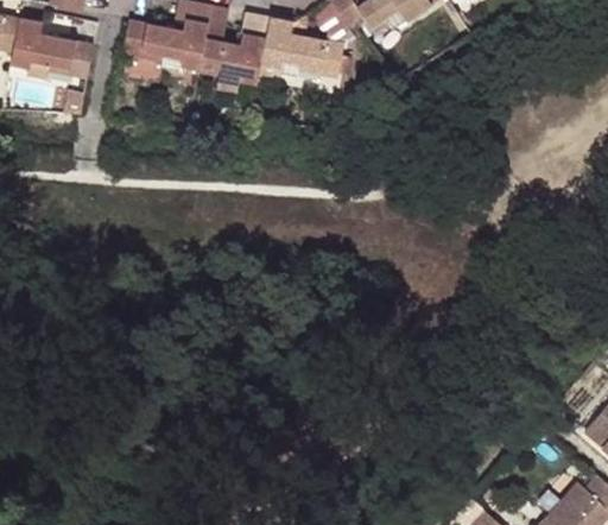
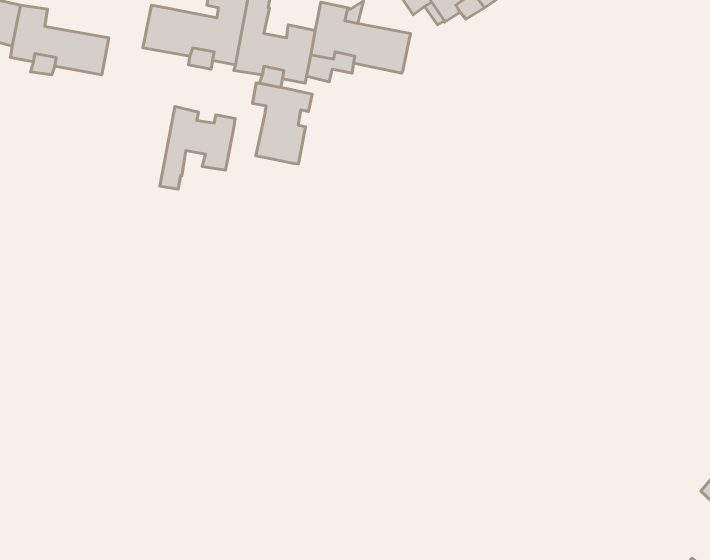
building: none -> [252,83,312,164]
building: none -> [160,106,235,189]

